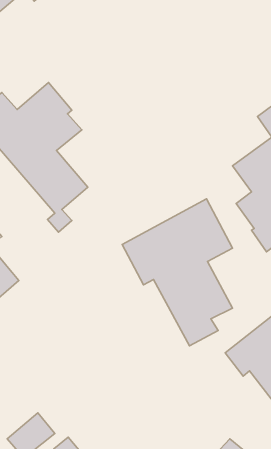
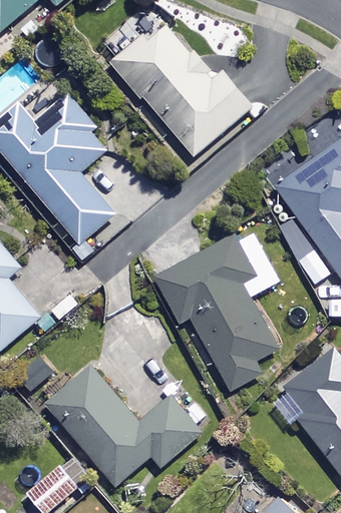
building: none -> [113,21,252,156]
building: none -> [45,366,200,486]

